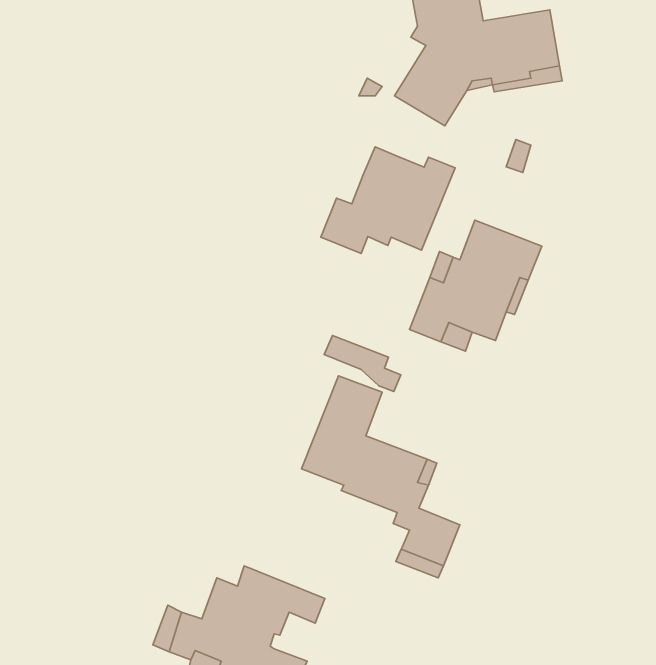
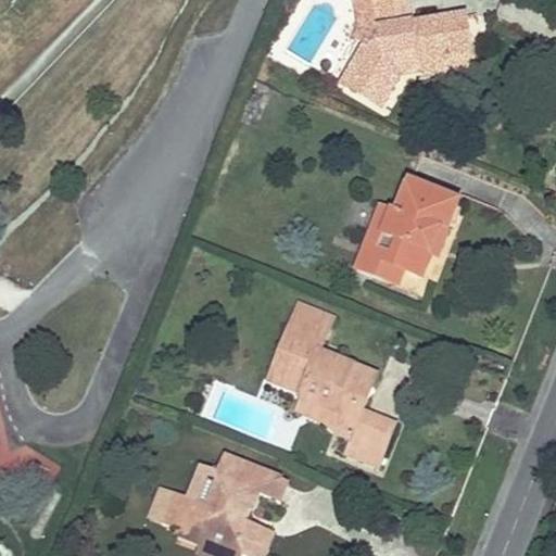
building: [321,147,455,254] -> none
building: [324,335,401,391] -> [293,393,354,438]

